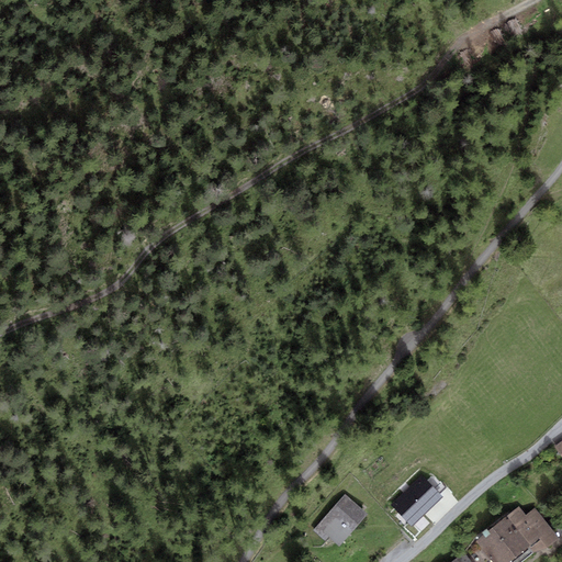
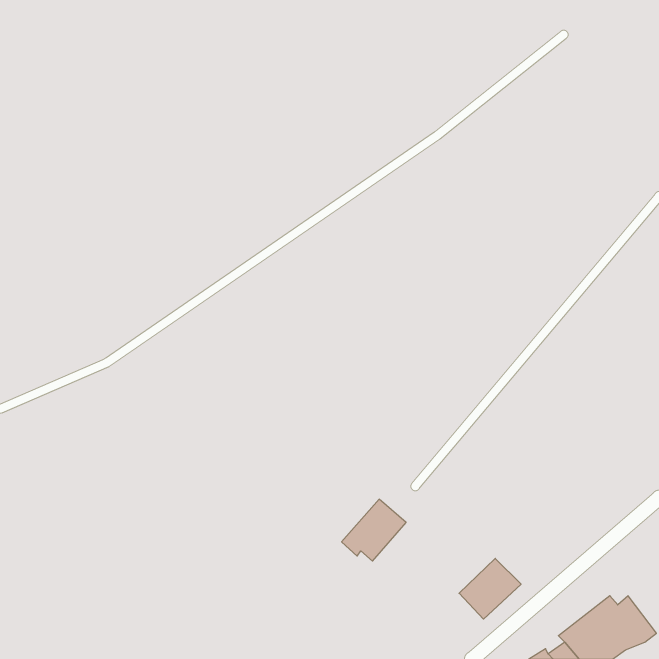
building: [313,494,368,547] -> [342,499,406,561]

